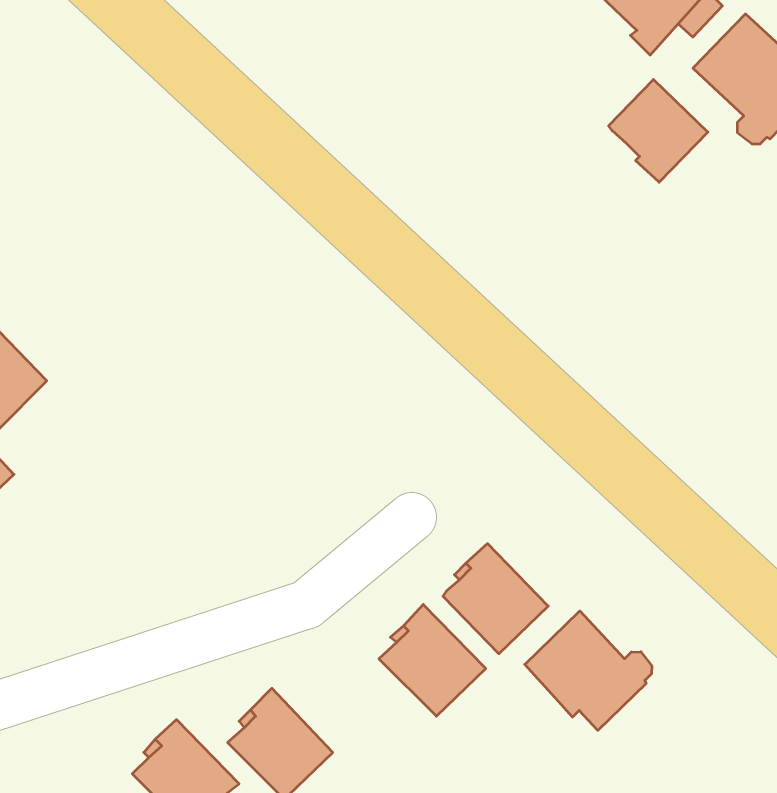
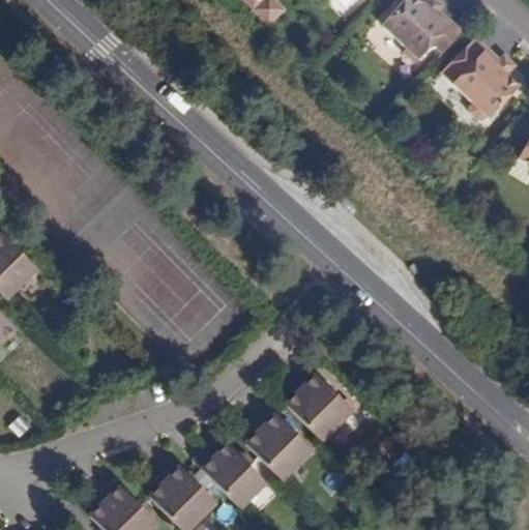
building: [609,79,708,182] -> none
building: [525,611,652,730] -> none
building: none -> [198,444,267,509]

